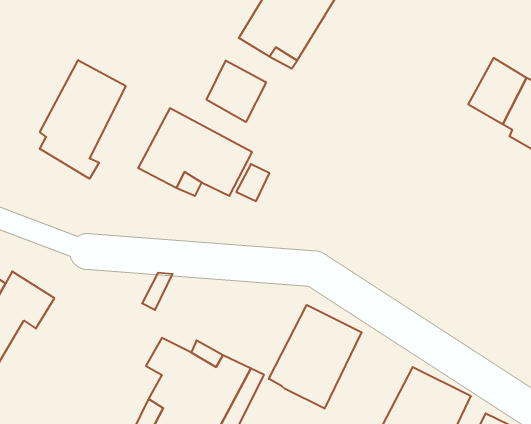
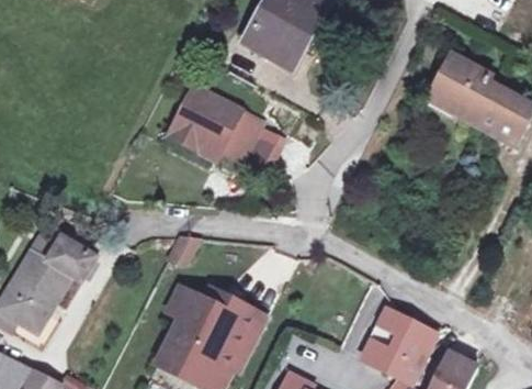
building: [40,60,126,179] -> none
building: [207,61,266,122] -> none
building: [269,305,362,409] -> none

